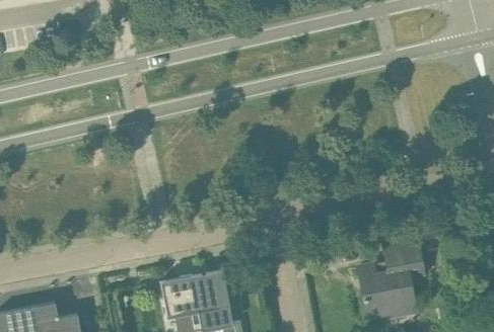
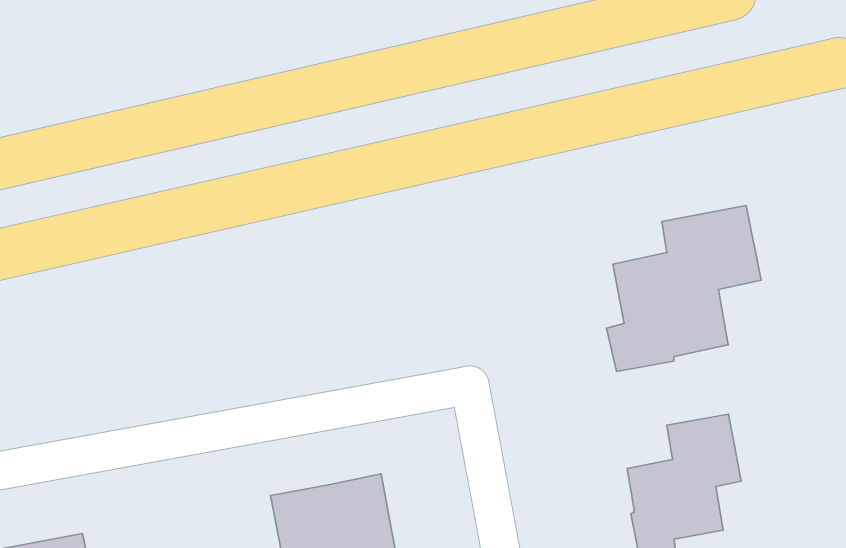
building: none -> [606,206,761,372]

